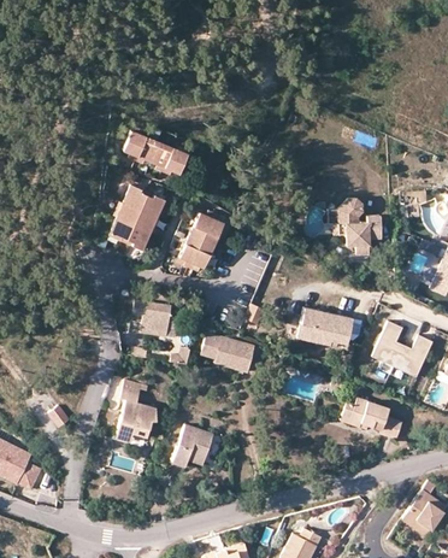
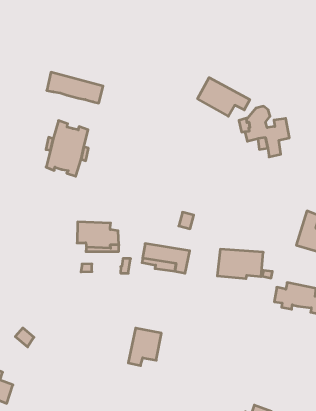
building: none -> [198,78,250,116]
building: [181,215,223,268] -> none
building: [297,309,352,345] -> [217,249,263,279]
building: [114,381,158,447] -> none

